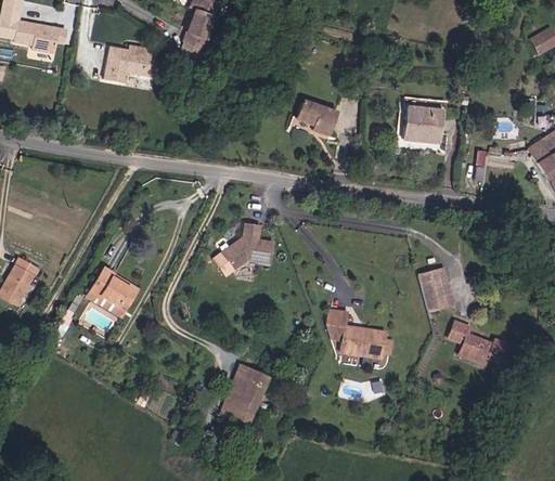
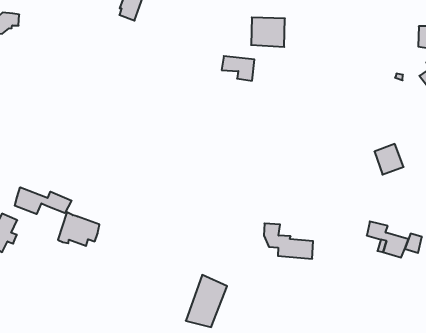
building: [102,44,156,83] -> none
building: [399,108,442,147] -> [251,17,285,47]
building: [223,224,273,270] -> none
building: none -> [15,187,72,214]
building: [422,275,454,310] -> [374,144,404,175]

